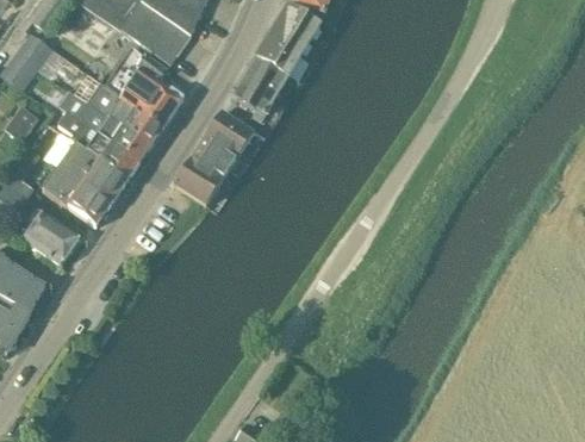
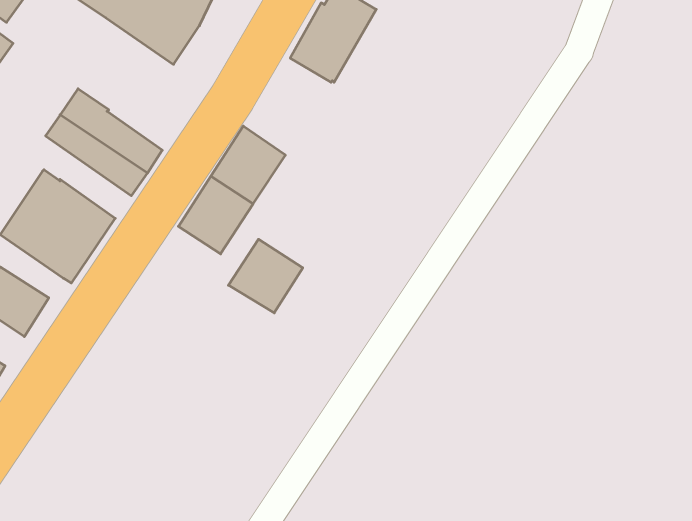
building: [122,54,182,126] -> none
building: [234,58,286,113] -> none
building: [57,111,139,176] -> none
building: none -> [228,239,303,313]

